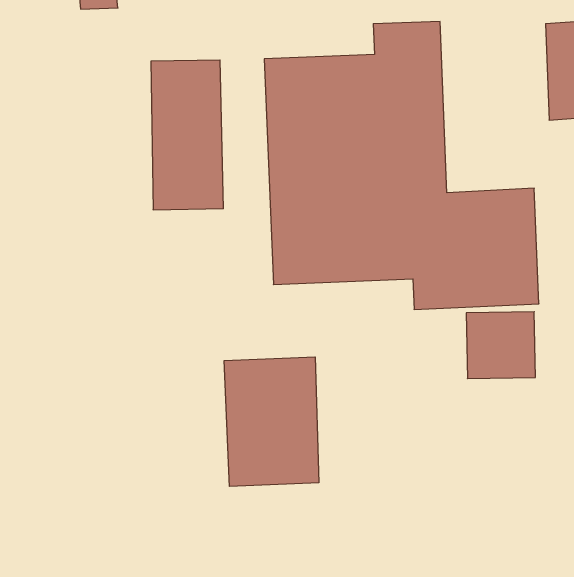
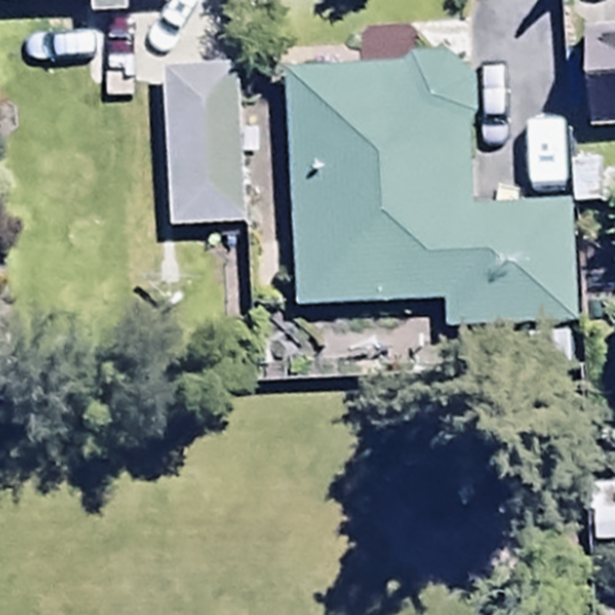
building: [224,357,319,486] -> none

